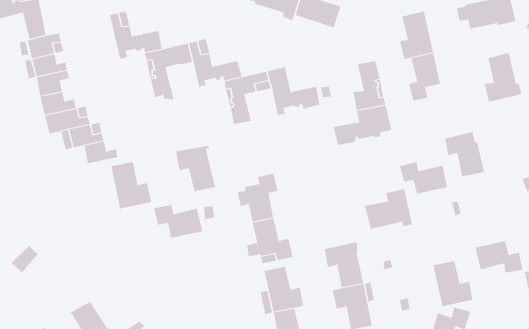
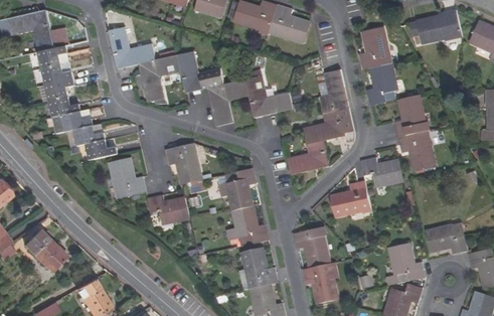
building: [484,52,522,102] -> [395,94,429,137]
building: none -> [288,140,329,174]
building: none -> [33,238,66,271]

